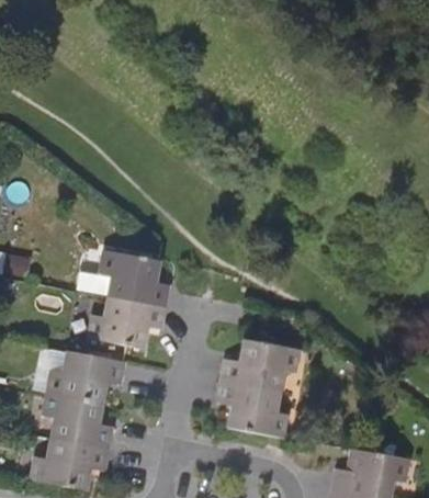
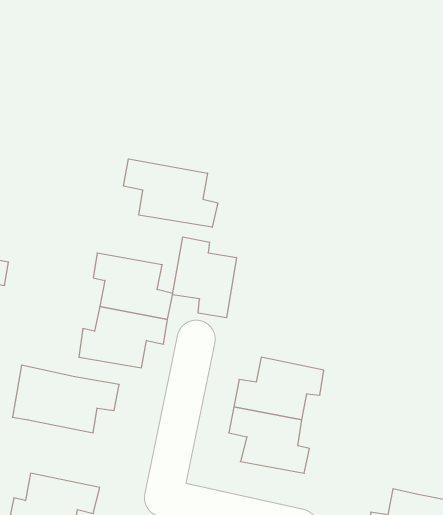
building: none -> [123,159,218,227]
building: none -> [172,237,236,318]
building: [45,391,113,448] -> none

